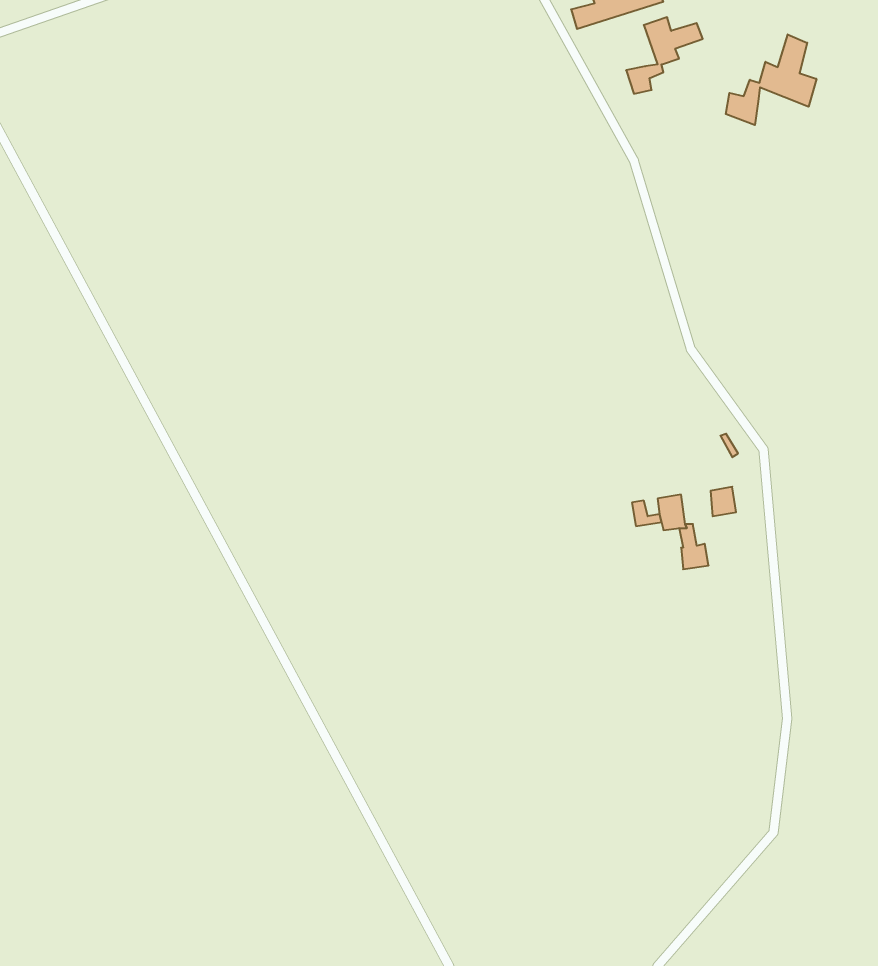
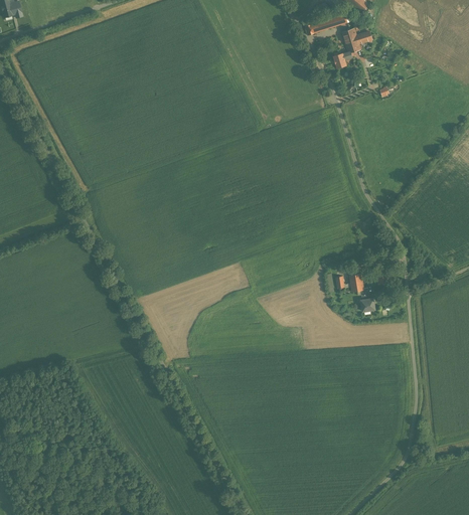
building: [726,34,816,125] -> none

